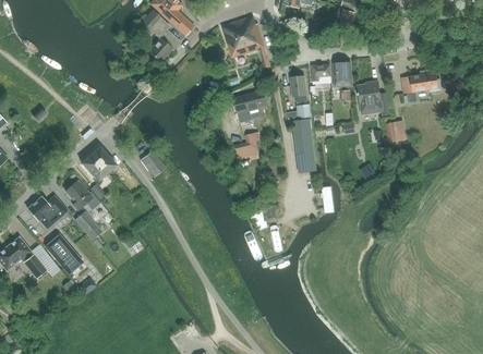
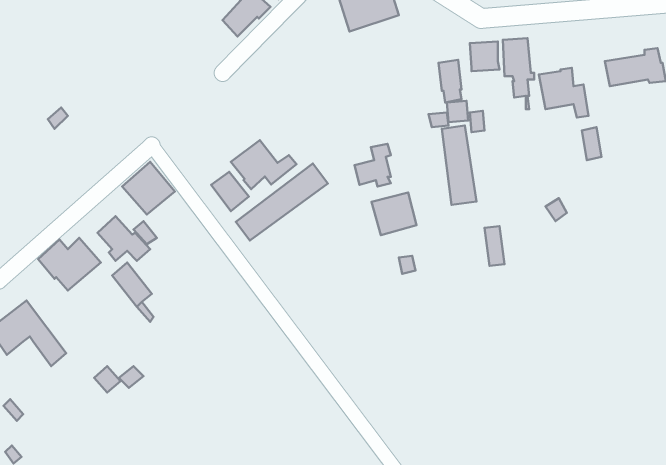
building: [233,90,267,123] -> none
building: none -> [231,140,296,189]
building: none -> [236,164,328,241]
building: none -> [371,193,416,235]
building: [45,234,83,273] -> none

